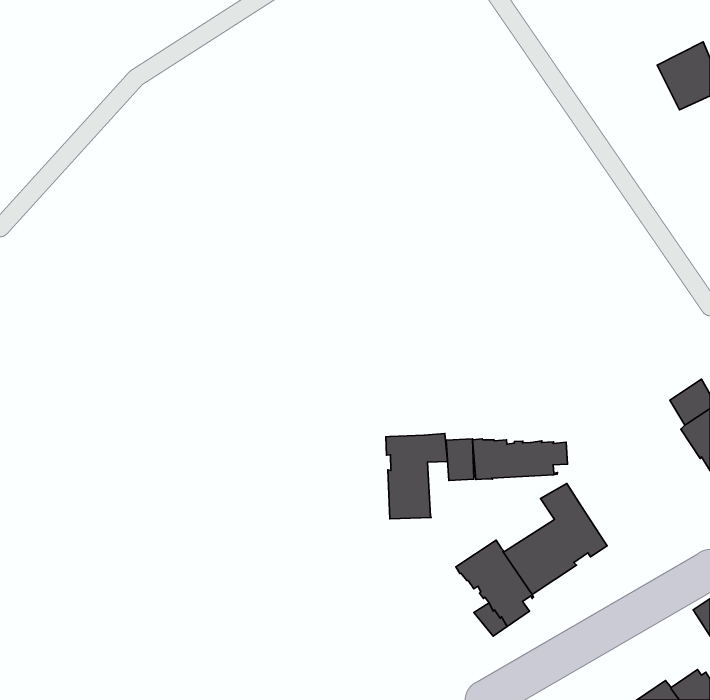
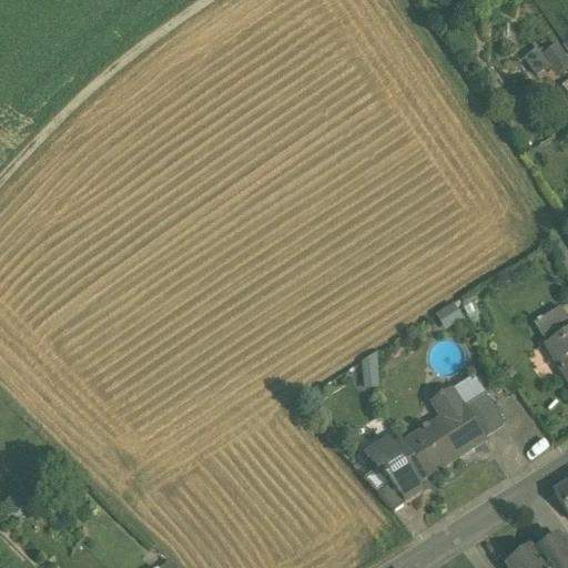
building: [386,434,447,519] -> none
building: [472,439,567,480] -> none
building: none -> [464,390,504,433]

